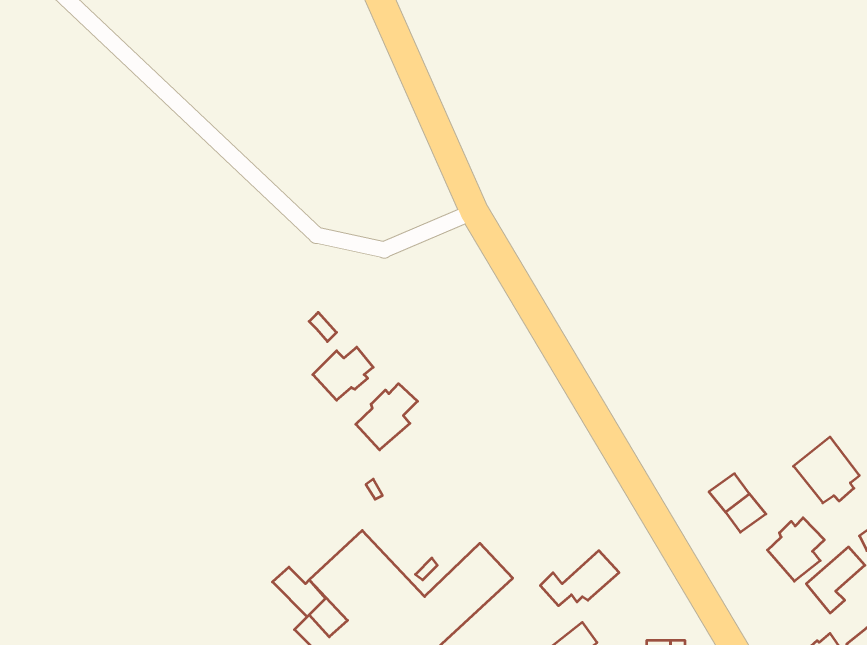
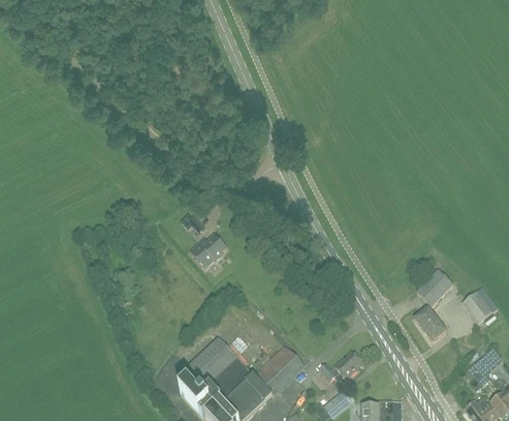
building: [356,384,418,450] -> none
building: none -> [416,270,453,306]
building: [767,518,824,581] -> none

